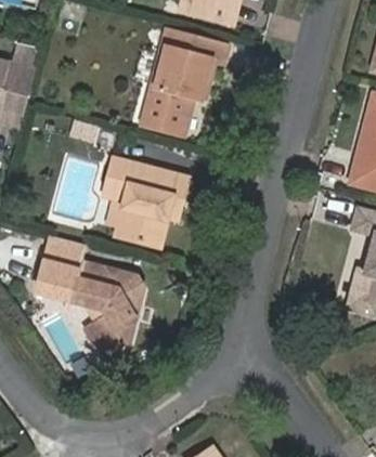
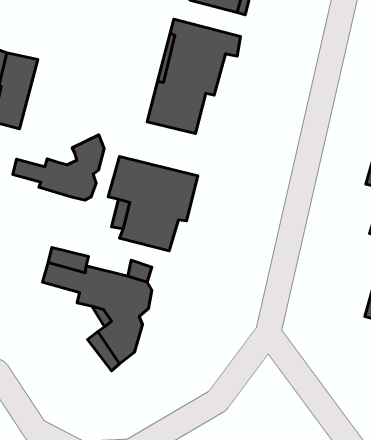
building: none -> [13,135,104,200]

